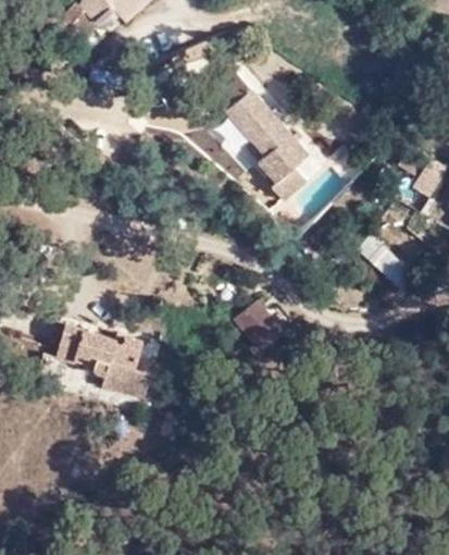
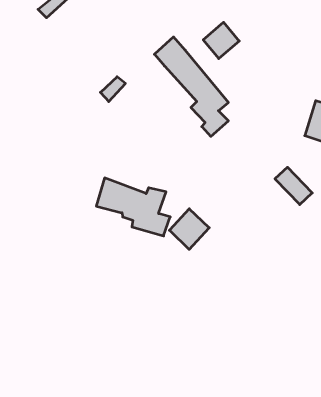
building: none -> [203,22,239,59]
building: [55,322,152,398] -> [96,178,170,236]

